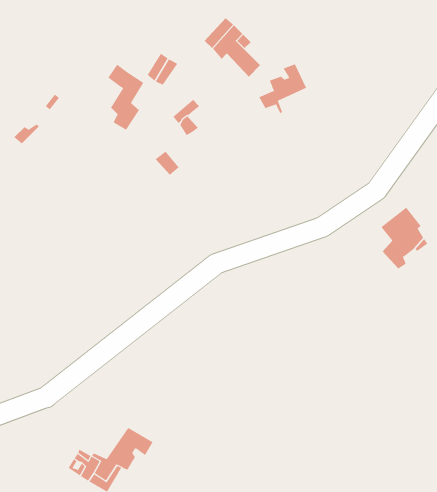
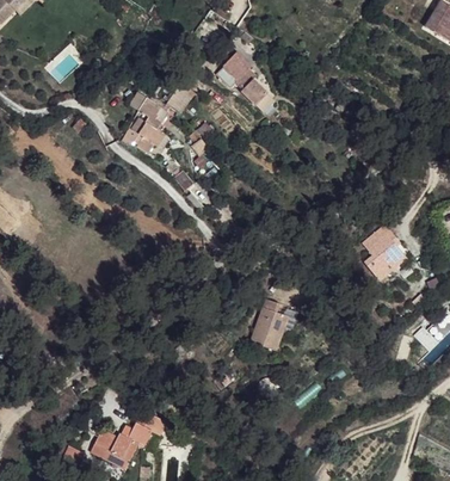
building: [259,64,307,114] -> none
building: none -> [249,308,285,352]

